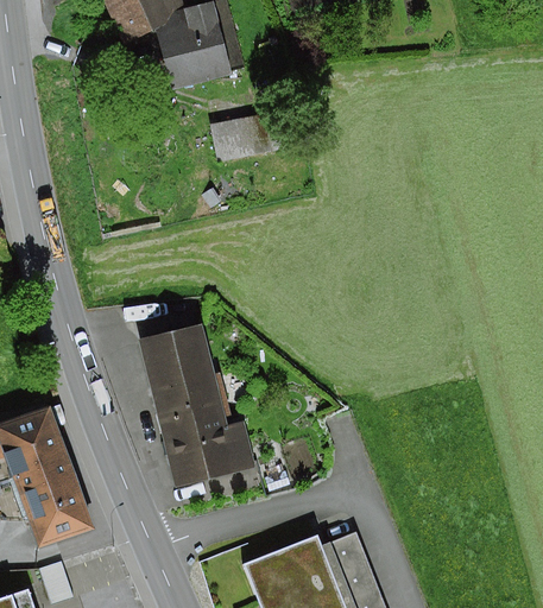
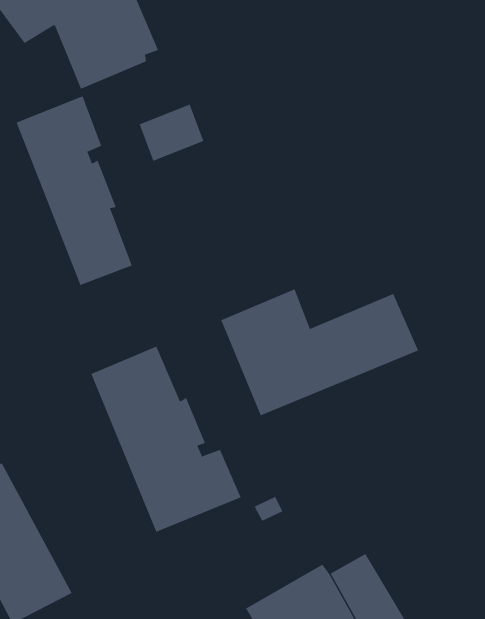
building: none -> [16,95,133,286]
building: none -> [221,289,419,416]

